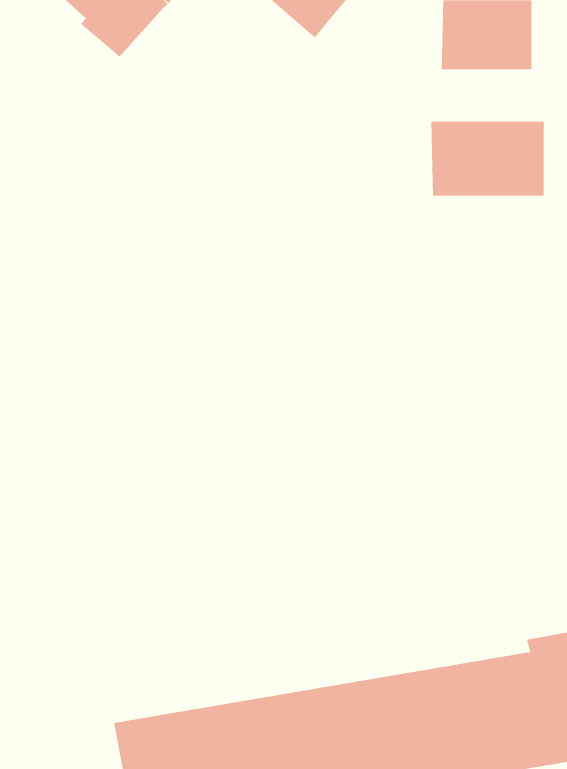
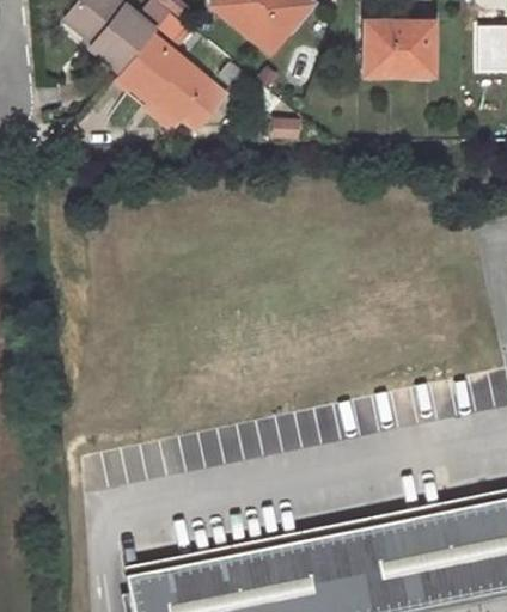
building: none -> [123,30,219,117]
building: [430,121,544,196] -> none

